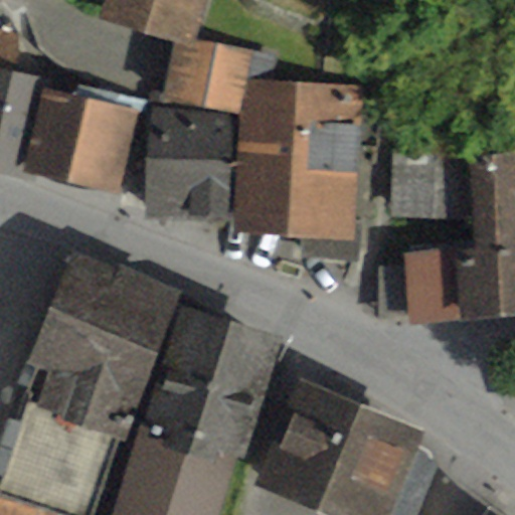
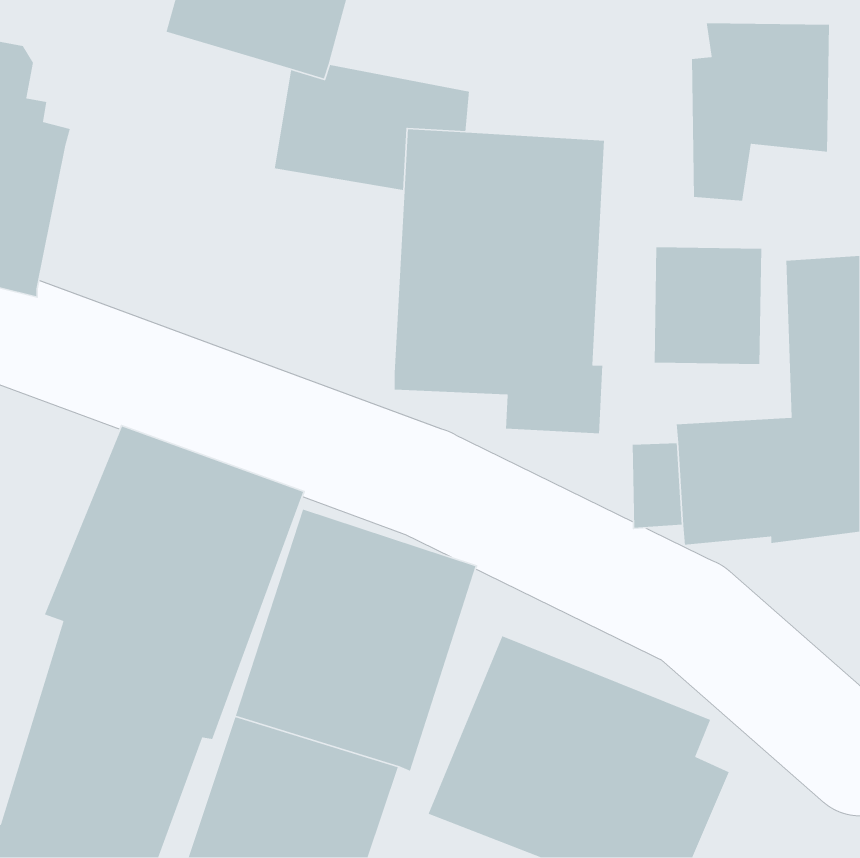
building: none -> [691,22,830,202]
building: [22,84,142,192] -> none
building: [145,107,240,222] -> none

